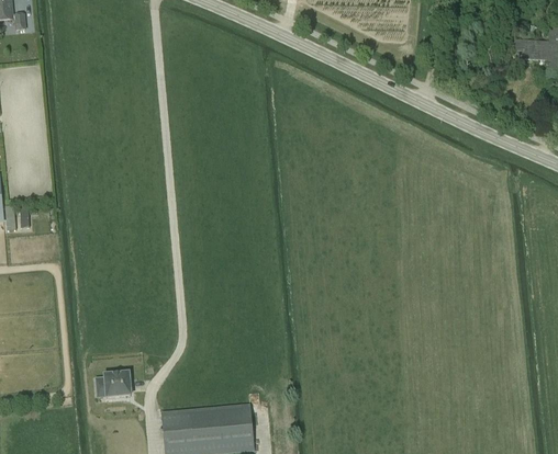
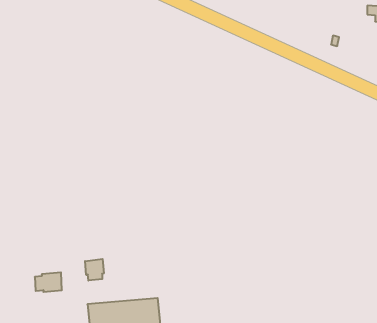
building: none -> [85,259,104,281]

